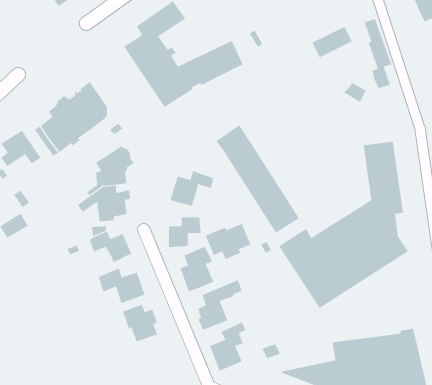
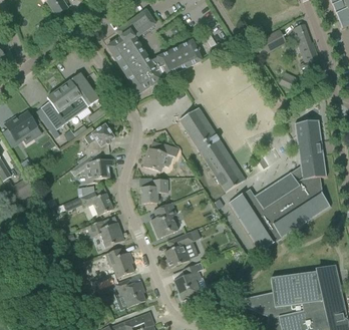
building: [205,223,251,260] -> none
building: none -> [114,278,145,306]

